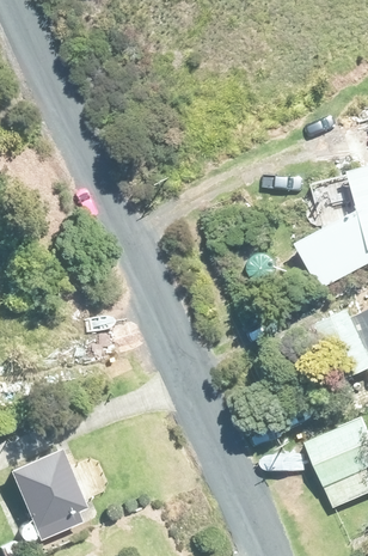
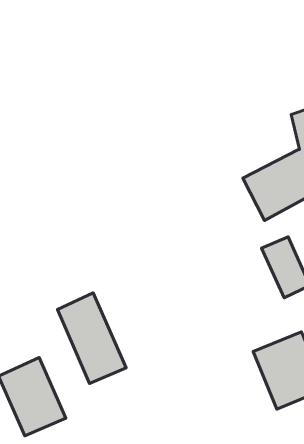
building: none -> [57,293,126,384]

